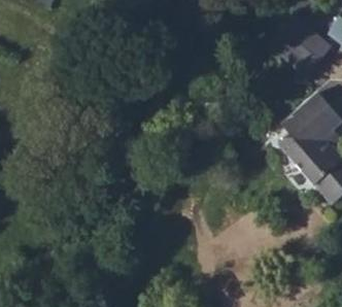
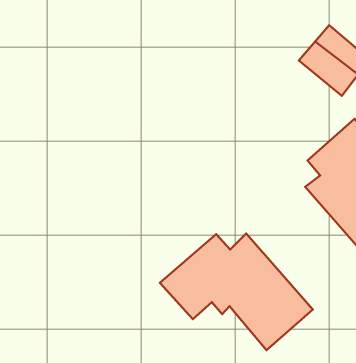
building: none -> [160,234,313,350]

